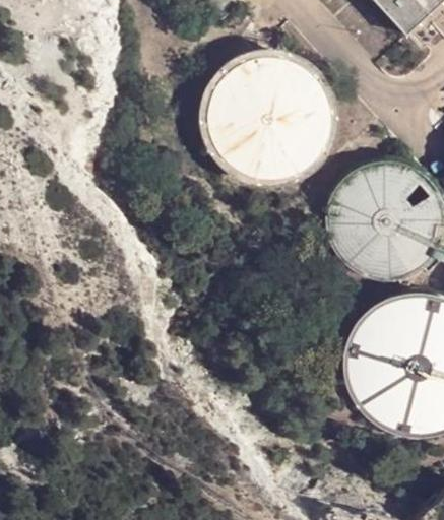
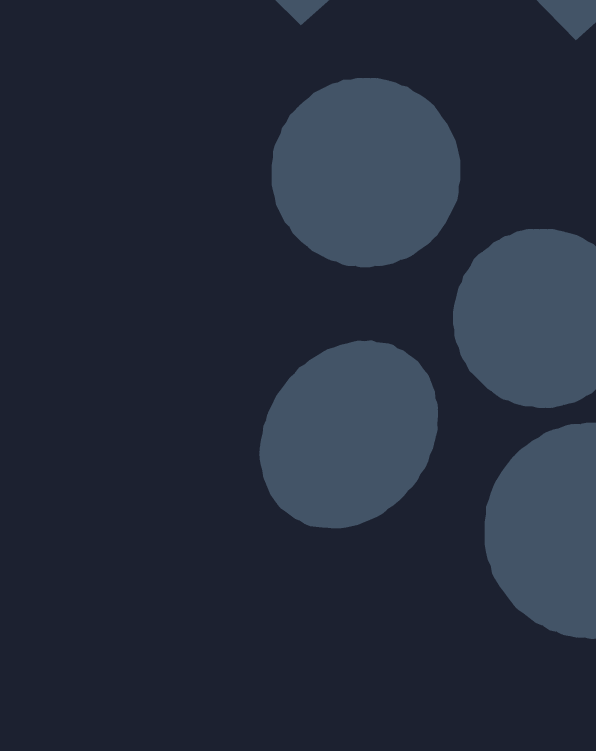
building: none -> [259,340,439,529]

